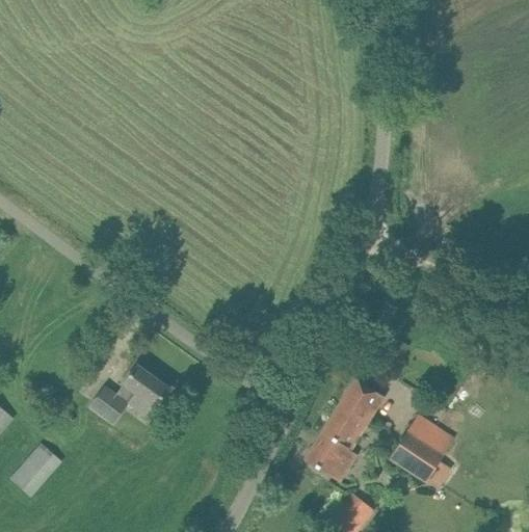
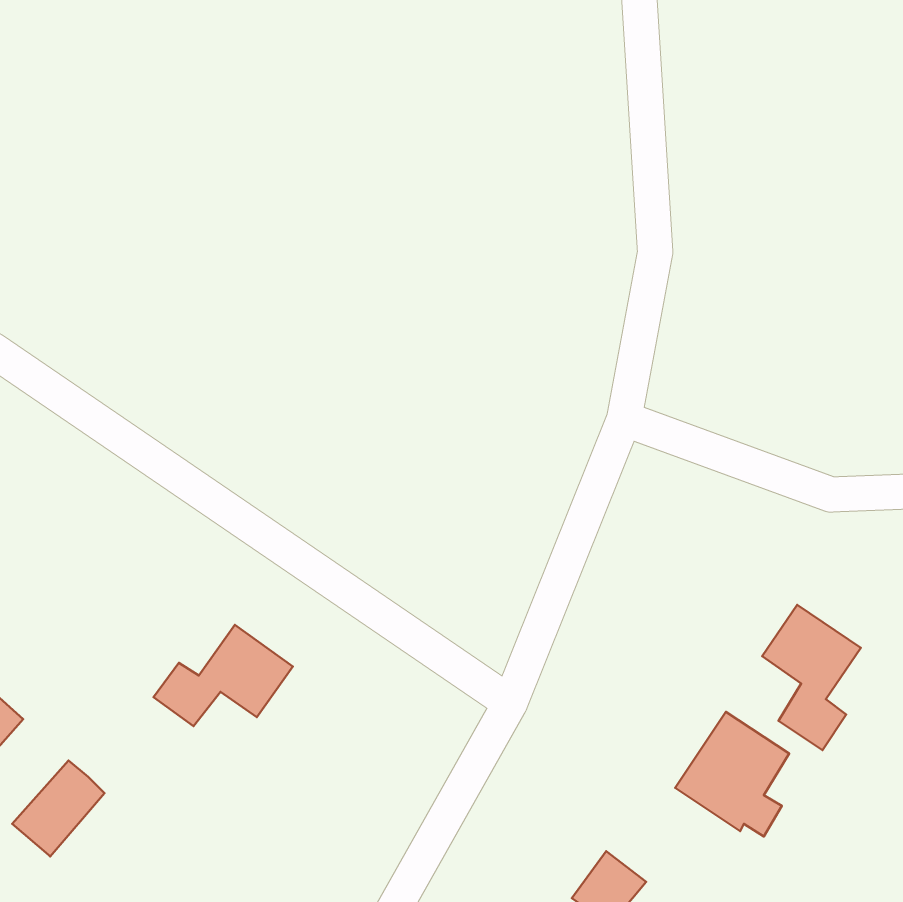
building: none -> [762,605,861,750]
building: [306,378,385,478] -> none

